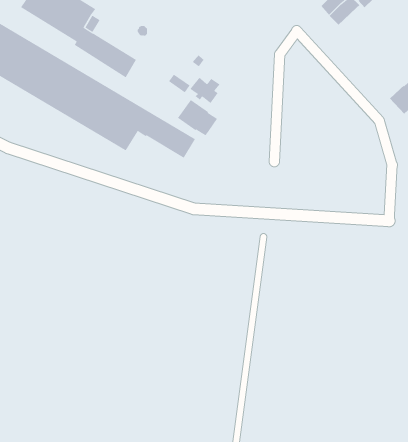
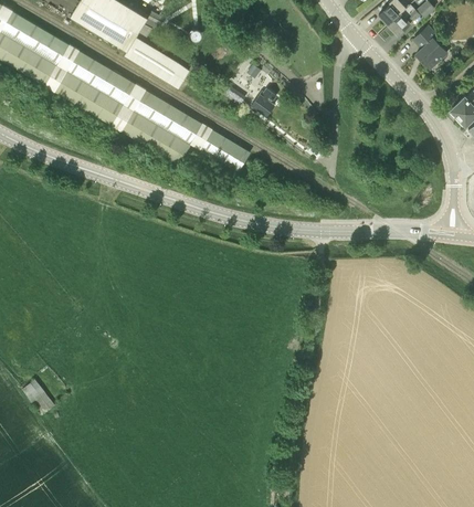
building: none -> [413,27,447,70]
building: [177,99,218,136] -> none

